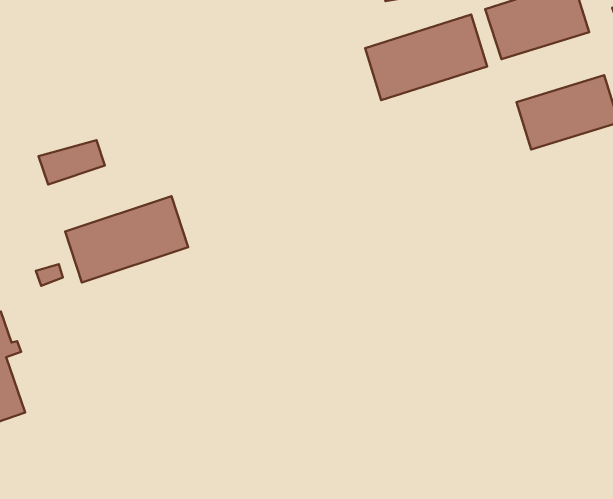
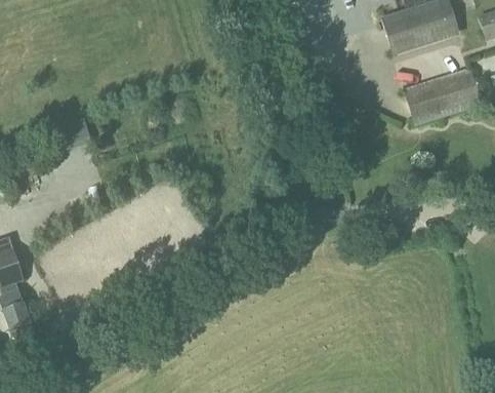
building: [365,14,487,100] -> none
building: [65,196,188,283] -> none

